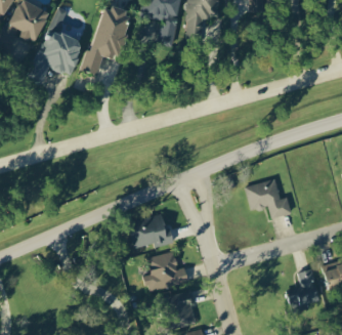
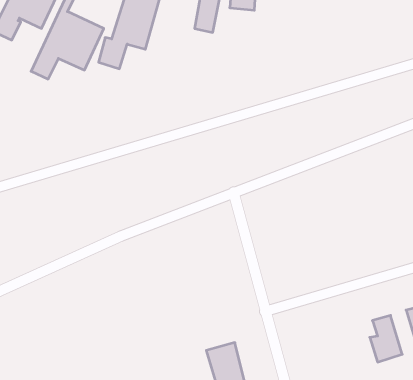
building: [244,179,291,219] -> none
building: [128,213,172,248] -> none
building: [143,252,188,292] -> none

